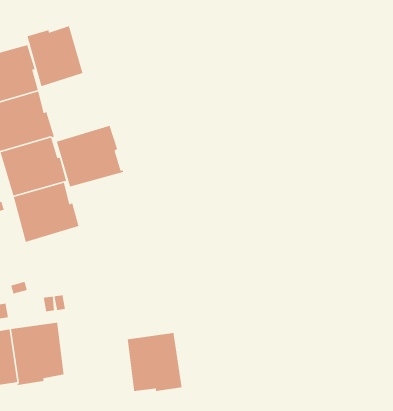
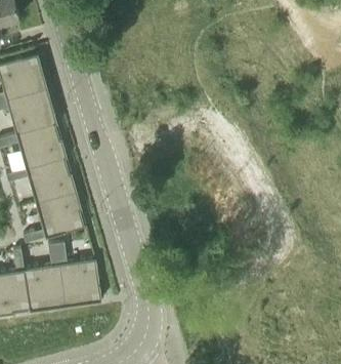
building: [26,25,84,87] -> none
building: [56,125,124,188] -> [35,192,86,239]
building: [127,332,182,392] -> [59,258,101,304]

